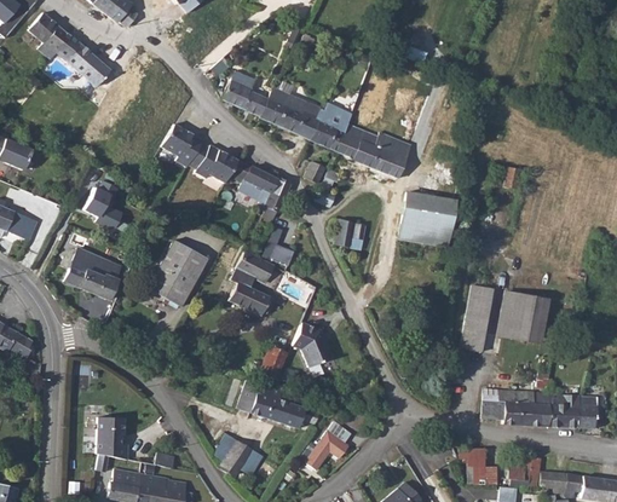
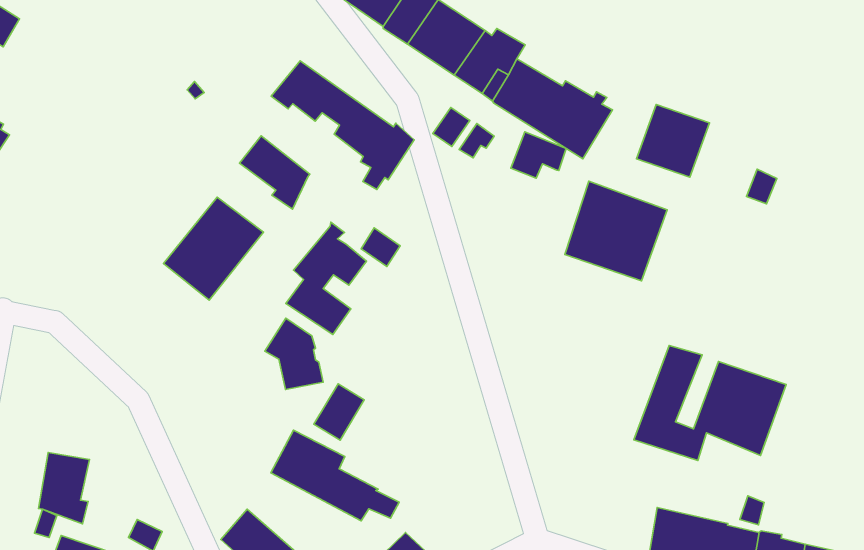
building: [160,125,202,167] -> none
building: none -> [637,104,709,177]
building: [83,177,123,230] -> none
building: none -> [239,136,310,209]
building: [333,218,365,246] -> [511,132,566,178]
building: [64,247,121,299] -> none
building: [292,321,331,365] -> [265,318,323,389]

